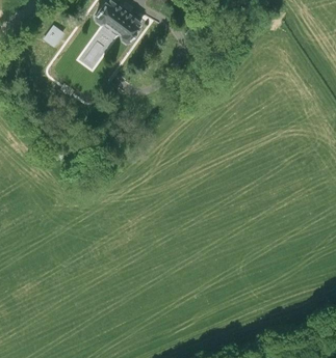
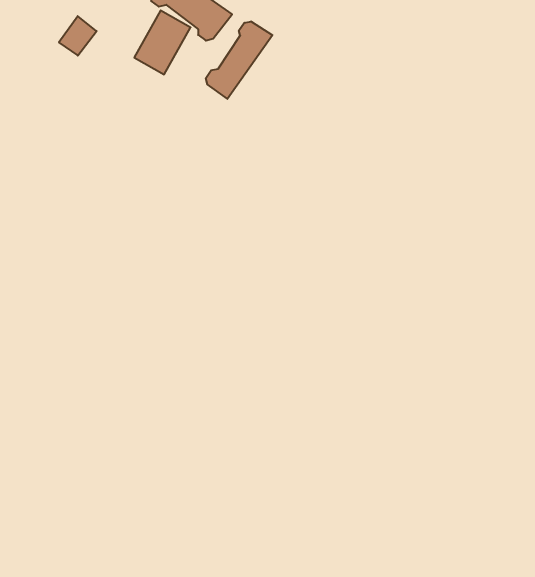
building: none -> [206,21,272,99]

